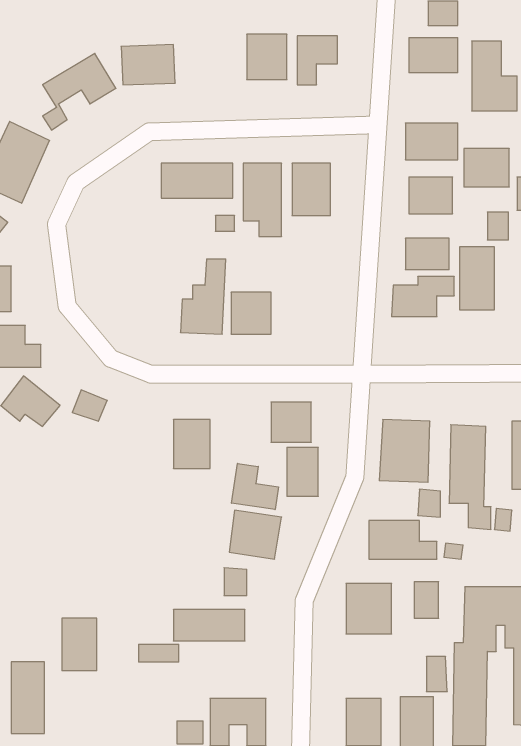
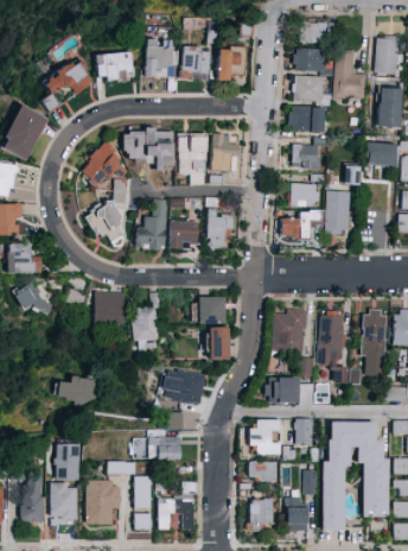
building: none -> [145,39,174,77]
building: [464,149,509,187] -> [292,76,323,102]
building: none -> [79,144,122,188]
building: none -> [89,182,125,245]
building: none -> [206,215,234,251]
building: none -> [95,291,125,325]
building: [232,463,278,510] -> none
building: none -> [53,374,100,405]
building: none -> [249,462,276,482]
building: none -> [134,477,152,508]
building: none -> [85,480,120,525]
building: none -> [50,483,78,520]

